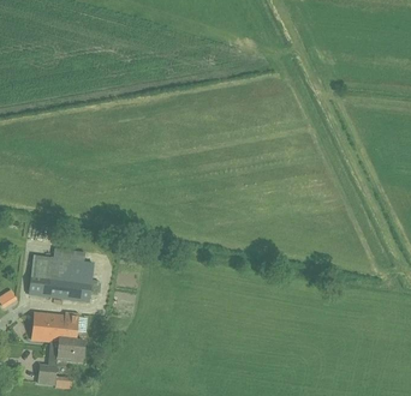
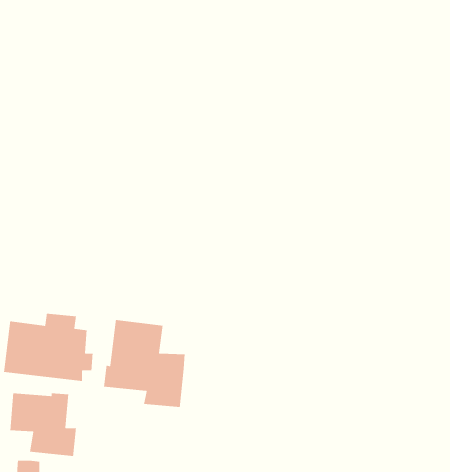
building: none -> [103,319,185,408]

